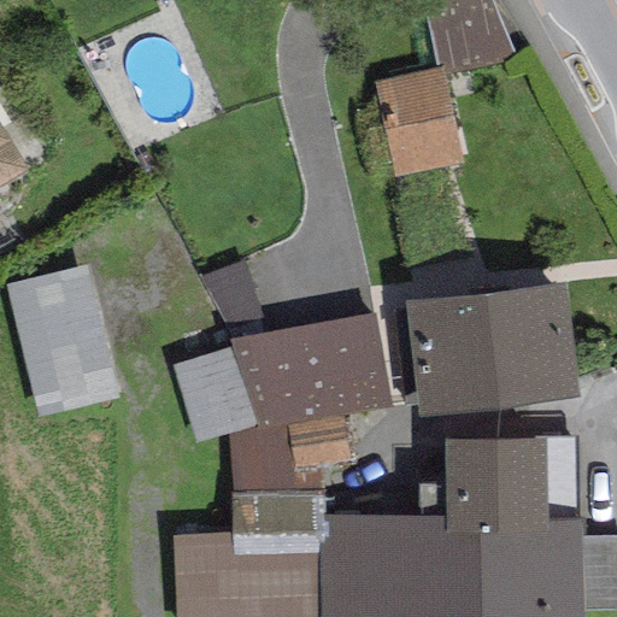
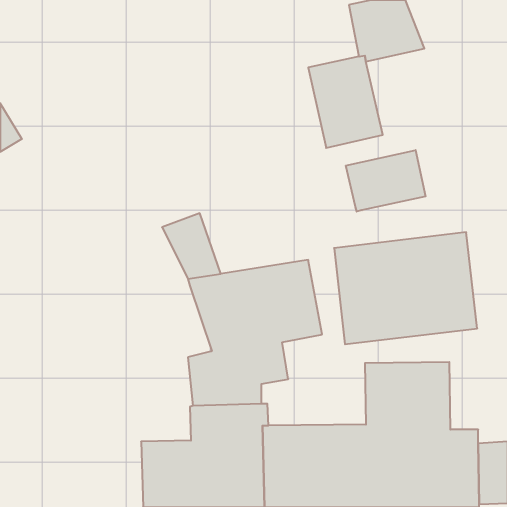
building: none -> [346,150,426,212]
building: [7,265,121,419] -> none
building: [174,347,258,445] -> none

